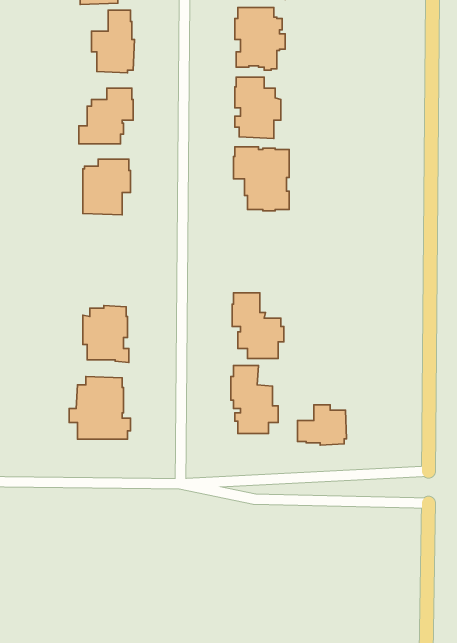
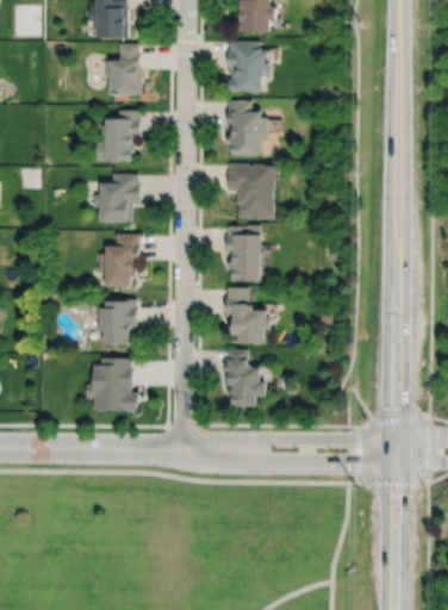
building: none -> [226,224,262,280]
building: none -> [99,232,139,286]
building: [297,405,346,445] -> none

